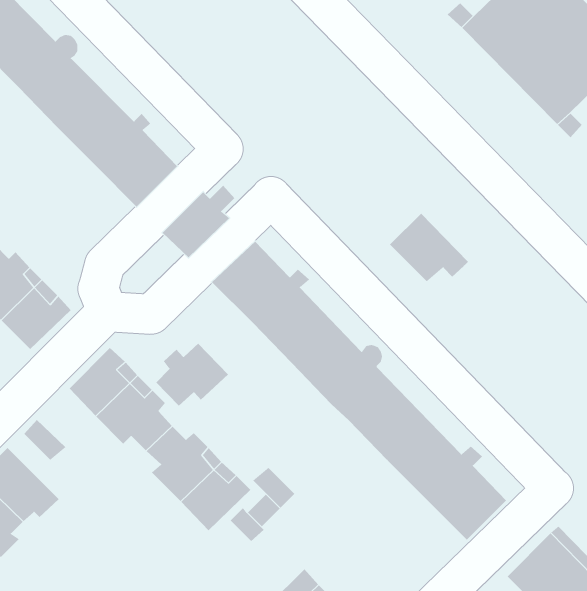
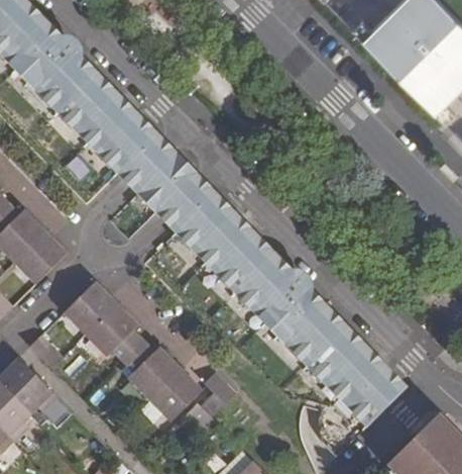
building: [389,213,469,282] -> none
building: [155,343,229,407] -> none

